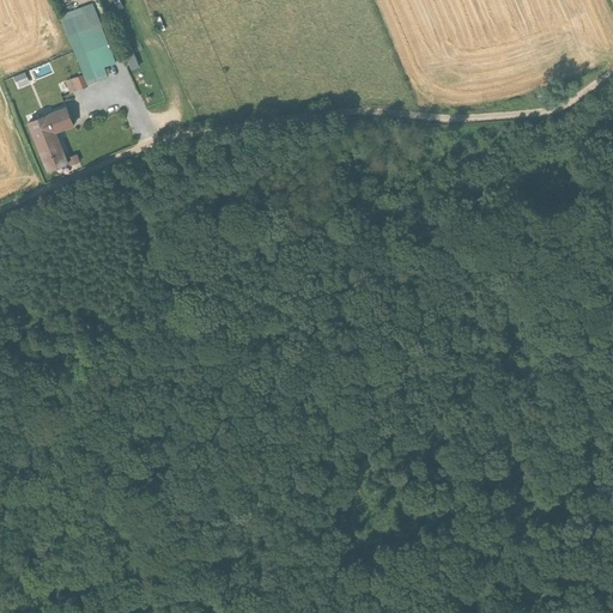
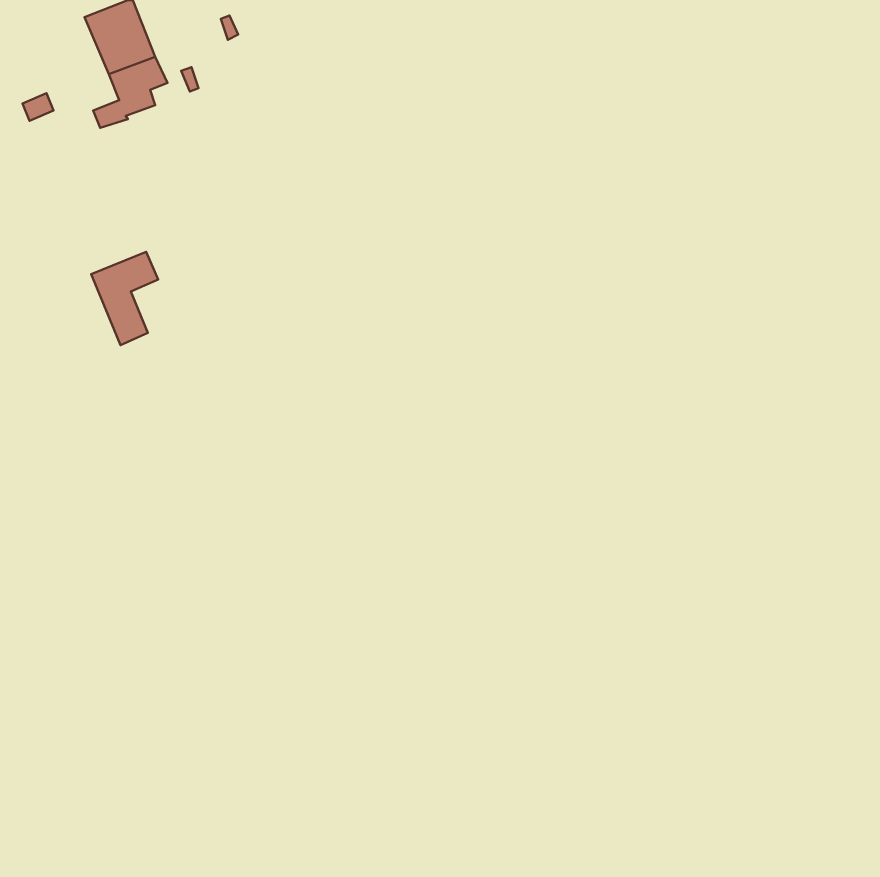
building: [28,105,74,170] -> [91,252,158,345]

